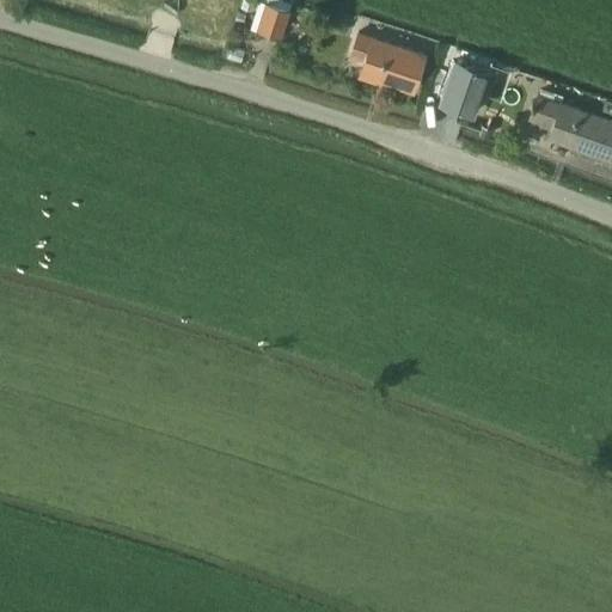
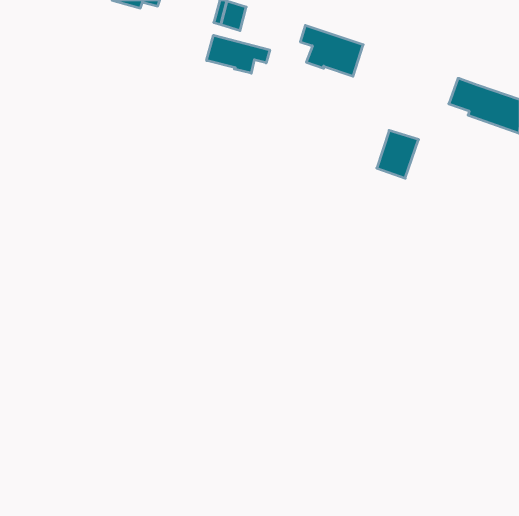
building: none -> [207,35,270,73]
building: [440,63,489,120] -> [377,130,419,178]

